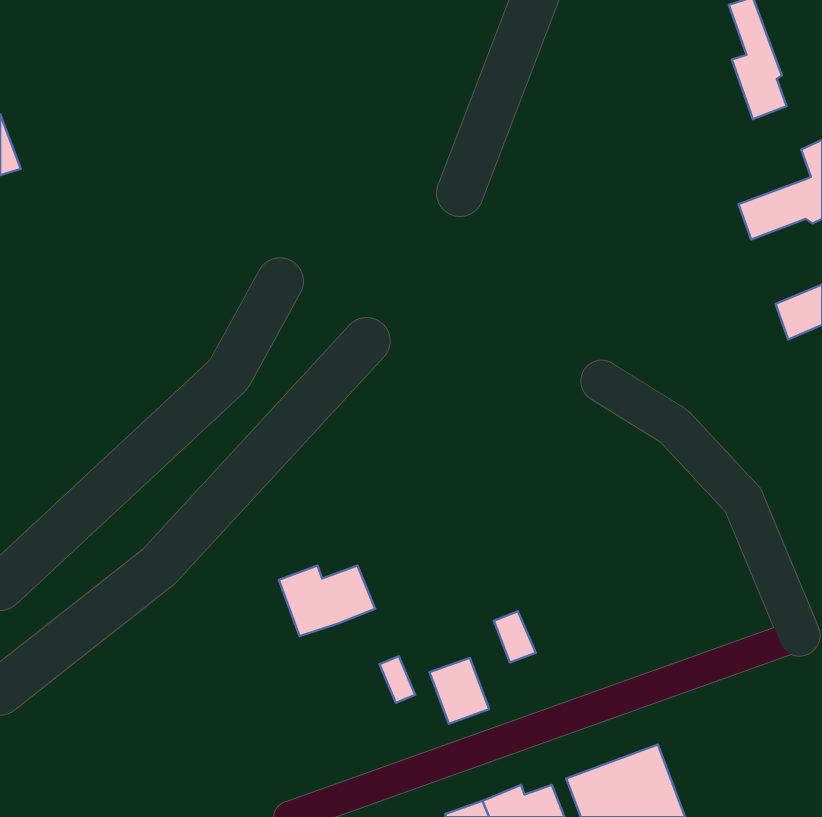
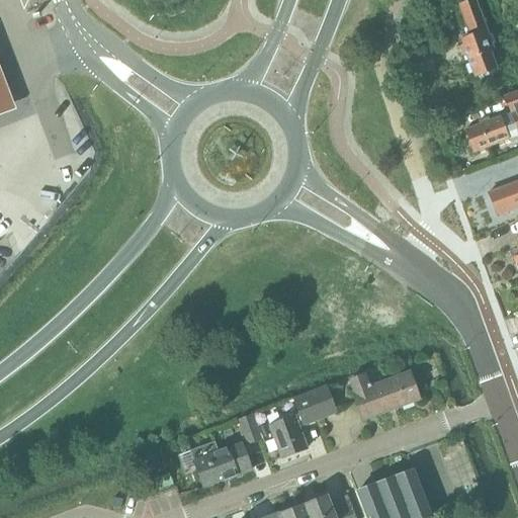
building: [279,565,375,636] -> [191,440,252,485]
building: none -> [349,369,420,418]
building: none -> [294,391,321,424]

